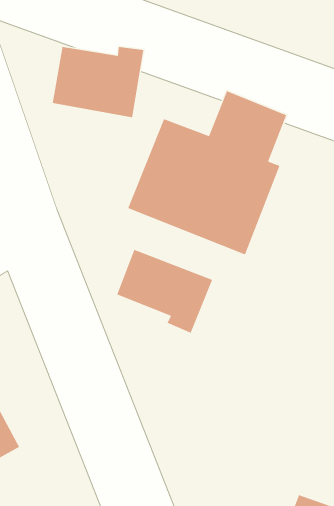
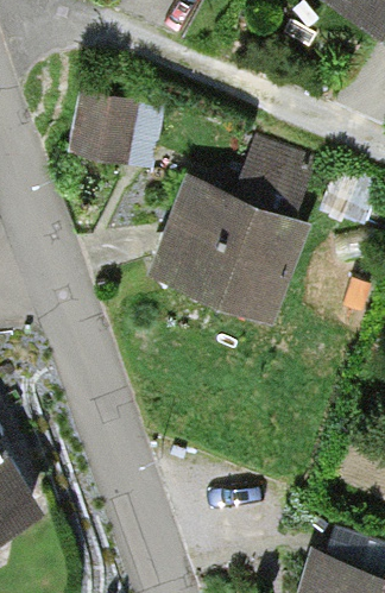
building: [116,249,213,334] -> none

